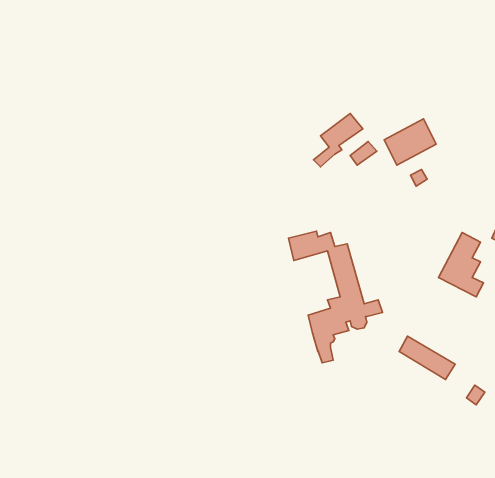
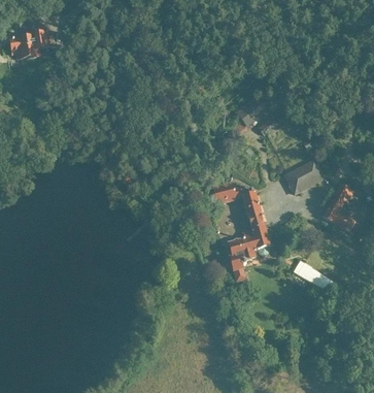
building: none -> [9,32,52,60]
building: [384,119,436,165] -> [285,161,324,195]

